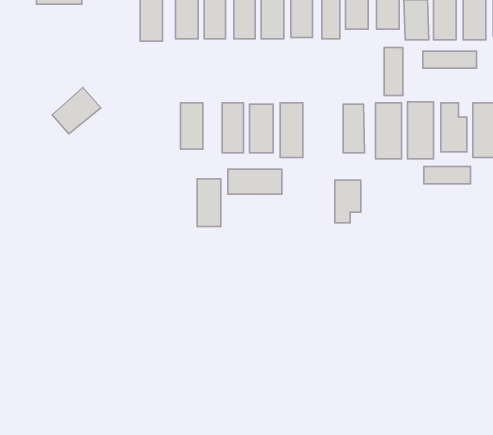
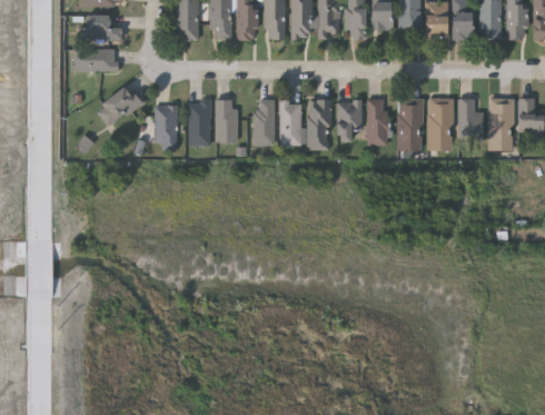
building: none -> [83,16,120,40]
building: [384,47,403,96] -> none
building: none -> [73,49,117,72]
building: [423,51,477,68] -> none
building: none -> [153,106,176,142]
building: [424,166,470,184] -> none
building: [228,169,282,194] -> none
building: [197,179,221,227] -> [188,101,210,146]
building: [335,180,361,223] -> [336,101,360,141]

